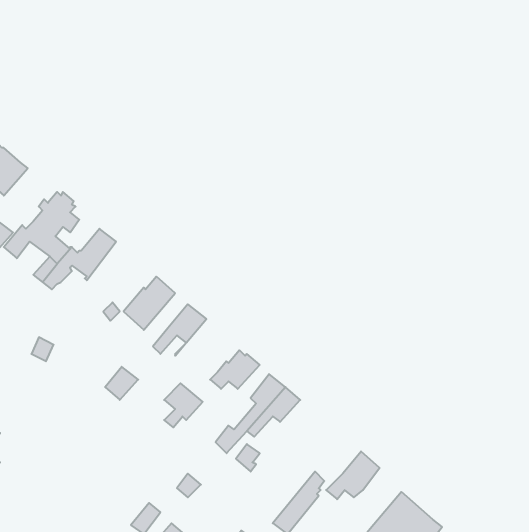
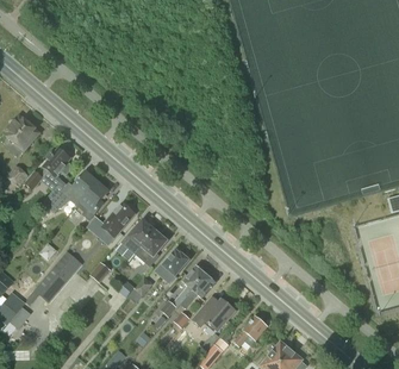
building: none -> [76,180,108,220]
building: none -> [135,230,167,265]
building: none -> [33,250,82,302]
building: none -> [192,295,236,331]

